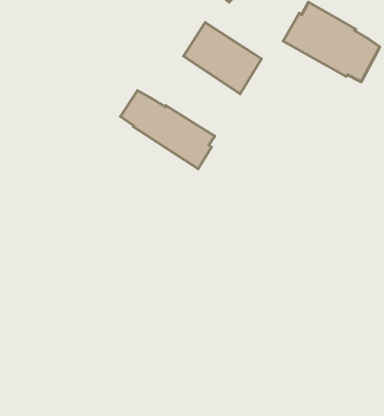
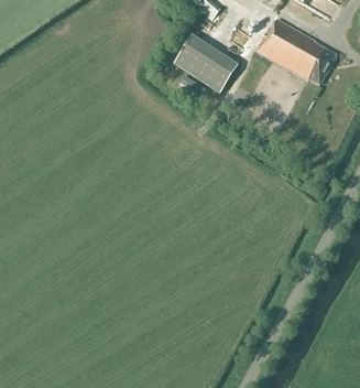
building: [120,91,215,169] -> none

